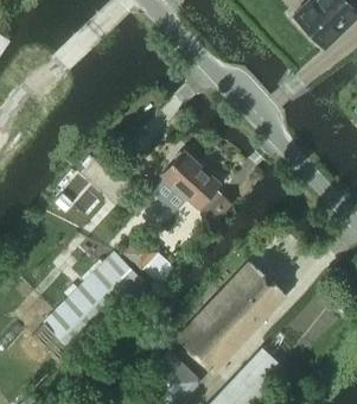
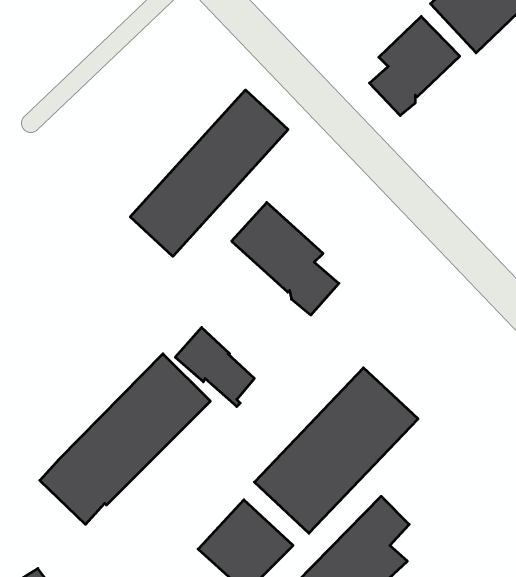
building: none -> [369,16,460,116]
building: none -> [130,90,288,256]

